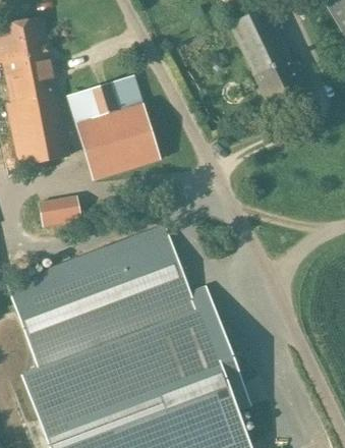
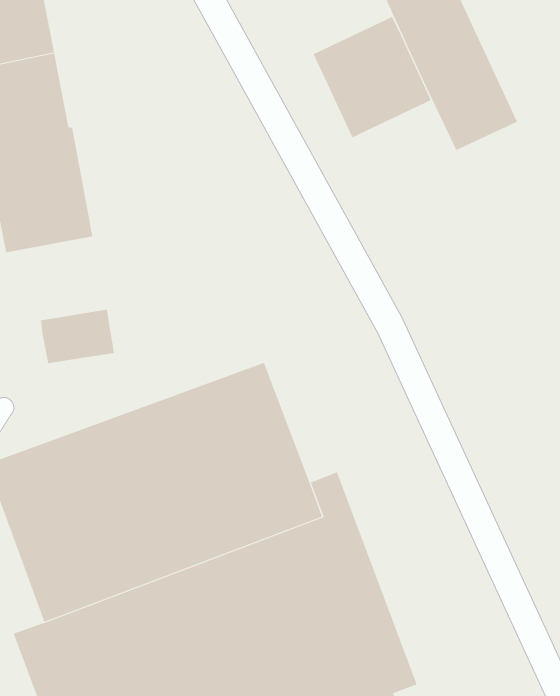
building: none -> [313,16,431,138]
building: [67,77,160,181] -> none

